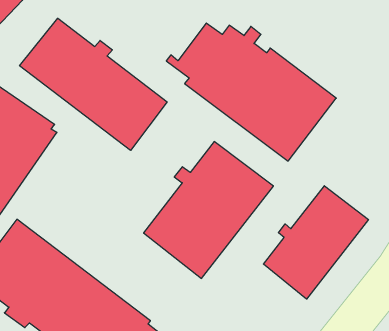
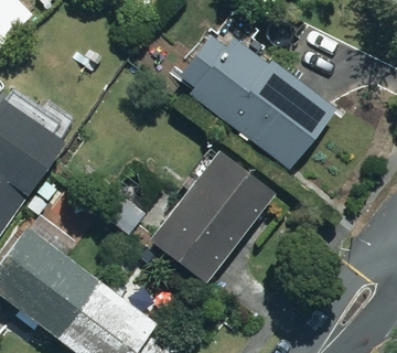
building: [20,18,167,150] -> none
building: [263,186,368,299] -> none

